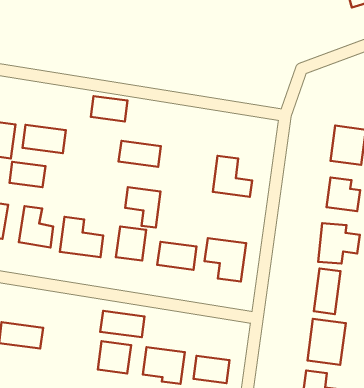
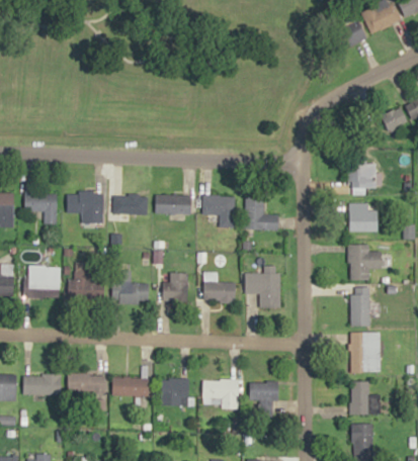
building: [91,96,127,121] -> [112,195,144,214]
building: [10,162,45,187] -> none
building: [125,187,161,228] -> [202,195,233,228]
building: [100,311,145,337] -> [111,377,150,396]

